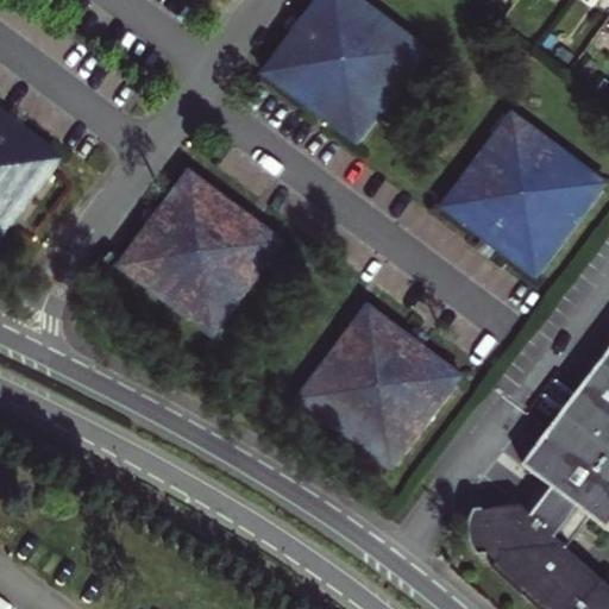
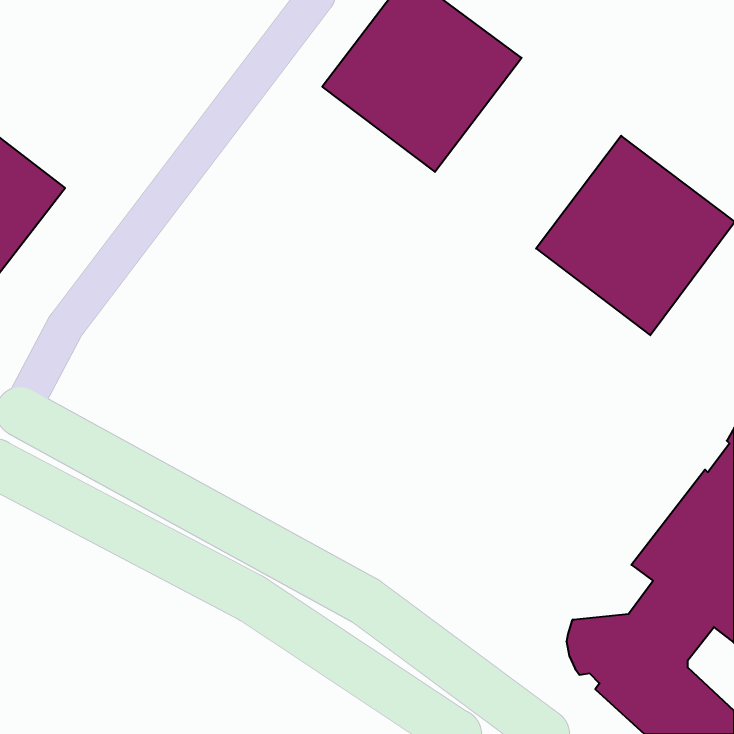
building: [121,169,284,333] -> none
building: [297,302,463,466] -> none

